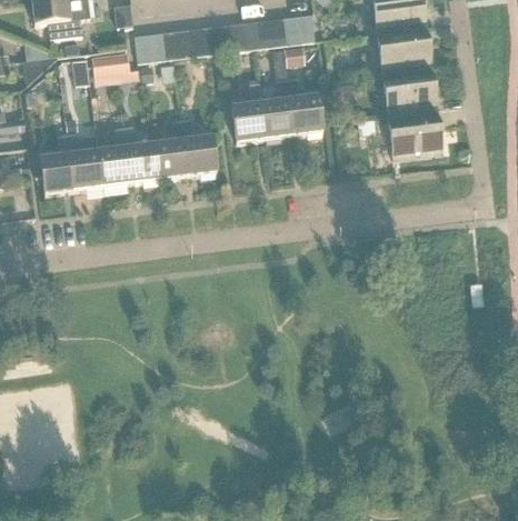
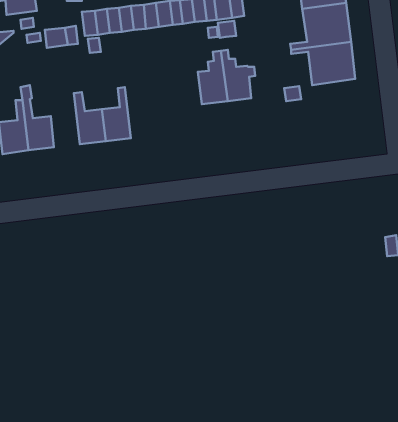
building: [231,82,266,142] -> none
building: [388,110,441,159] -> none
building: [180,118,216,176] -> none
building: [98,126,130,186] -> none

